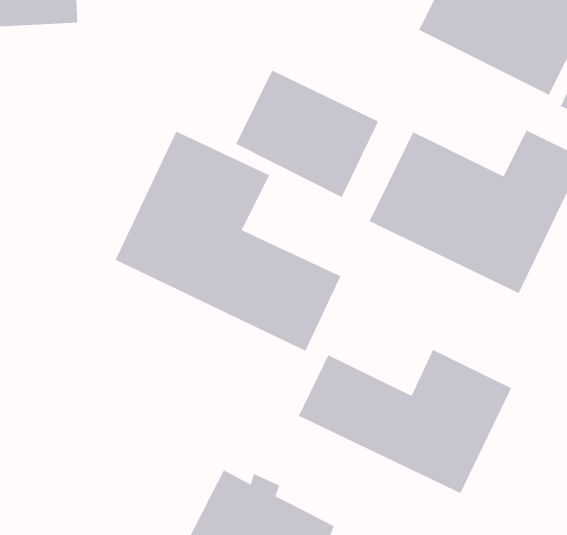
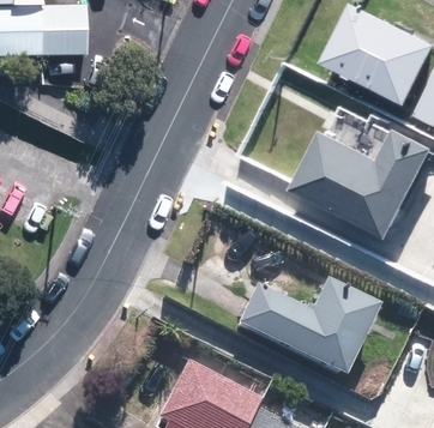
building: [235,69,379,198] -> none
building: [114,131,341,352] -> none

